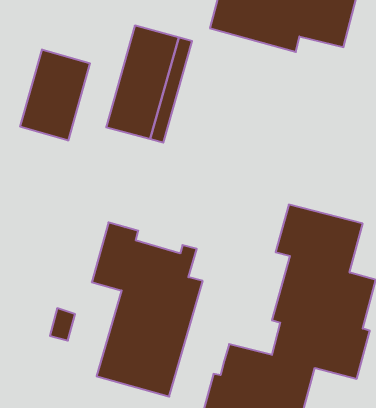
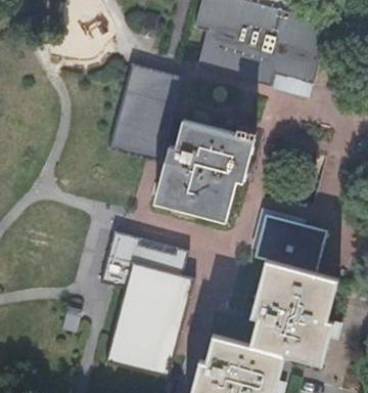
building: [20,49,90,141] -> none
building: none -> [154,120,257,220]

